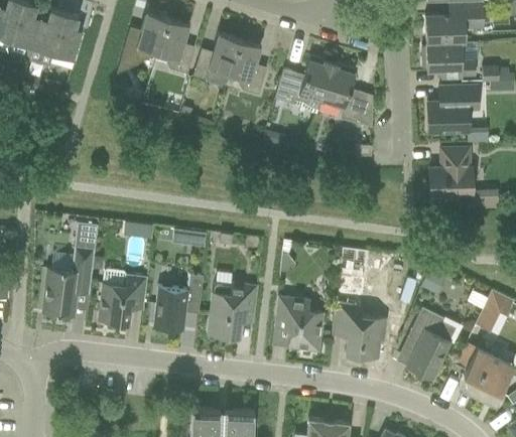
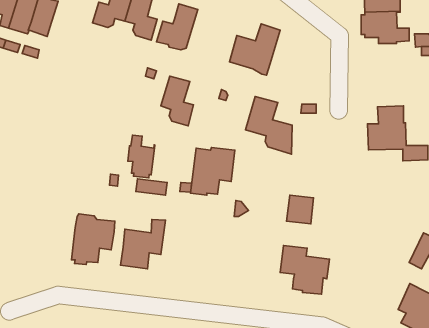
building: [230,40,266,96] -> [161,76,193,126]
building: [320,63,373,128] -> [245,96,292,154]
building: [427,87,479,133] -> none
building: none -> [128,135,155,178]
building: [43,223,98,317] -> none
building: [209,284,258,337] -> [191,147,235,195]
building: [275,297,322,350] -> none
building: [407,308,457,379] -> none

